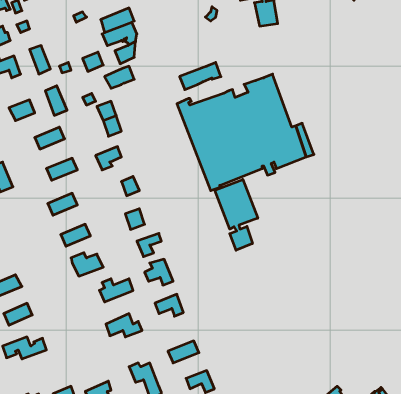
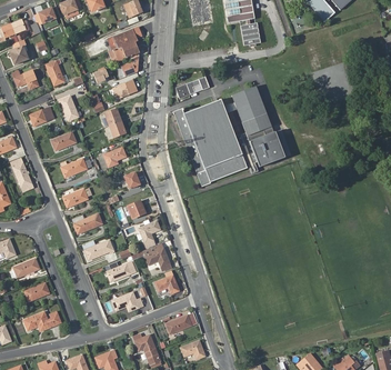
building: [215,179,258,250] -> none

